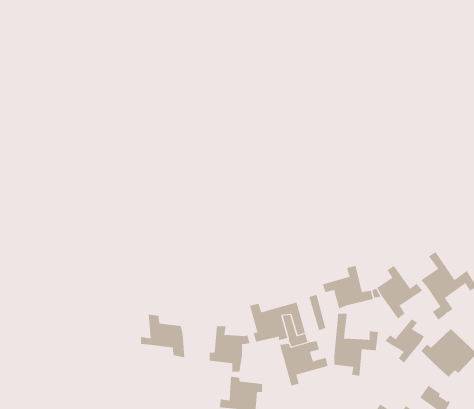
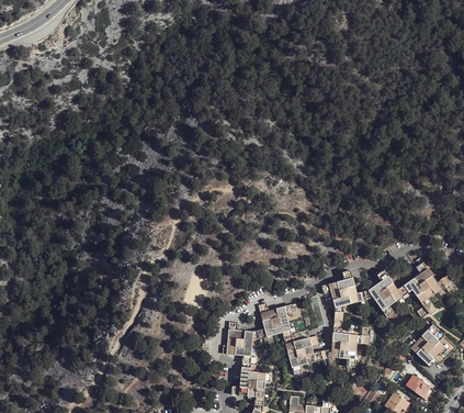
building: [140,314,185,358] -> none
building: [385,319,425,363] -> none

